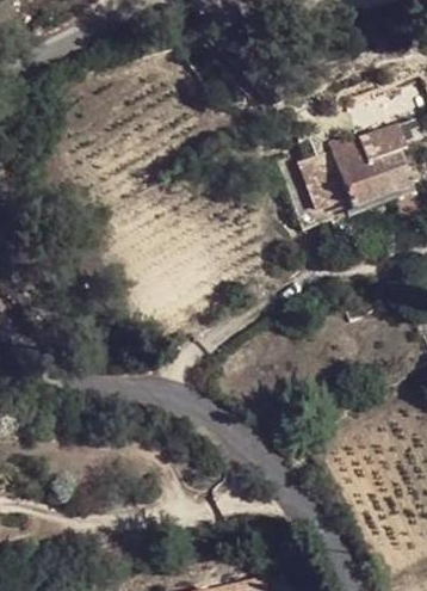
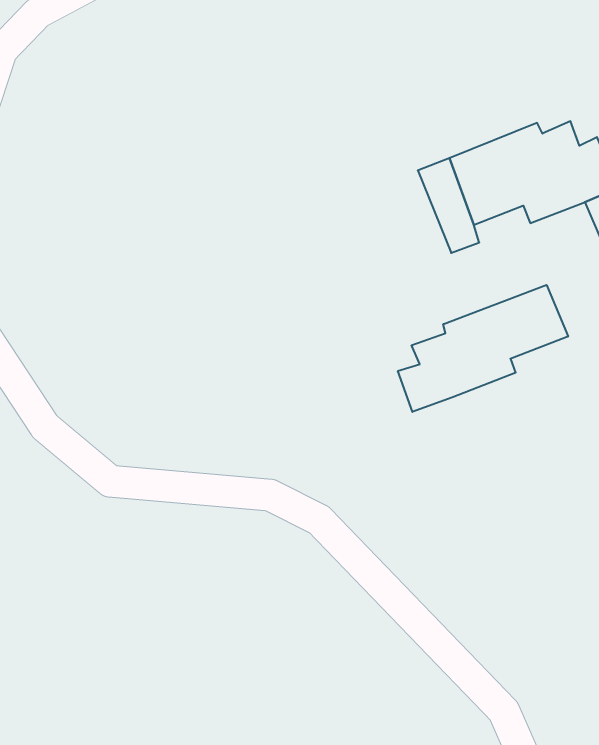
building: none -> [398,285,568,412]

